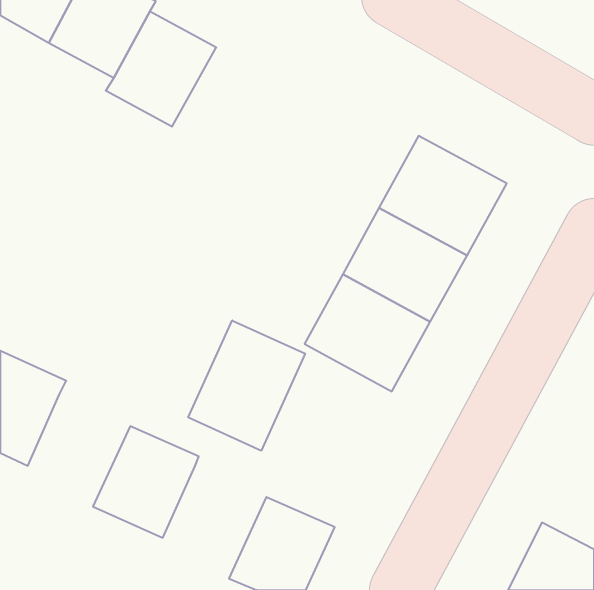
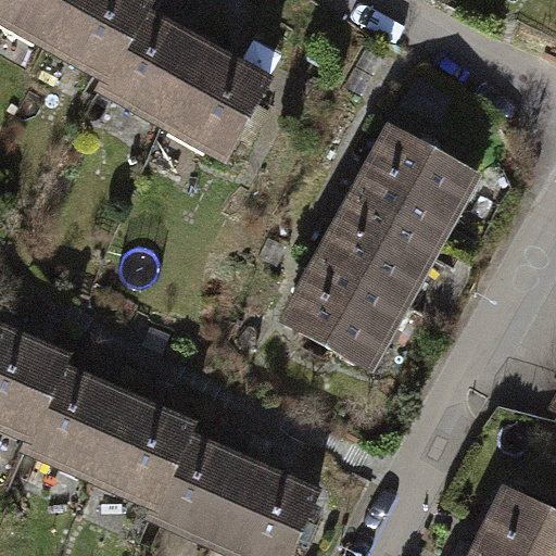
building: none -> [161,45,267,155]
building: [188,320,305,451] -> none
building: none -> [22,369,122,473]
building: none -> [148,435,249,541]

